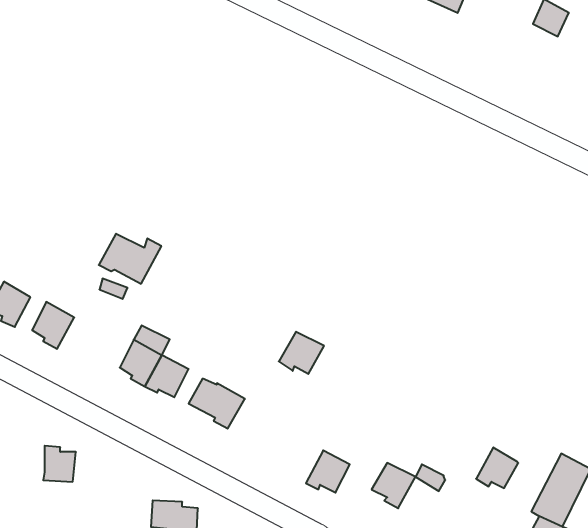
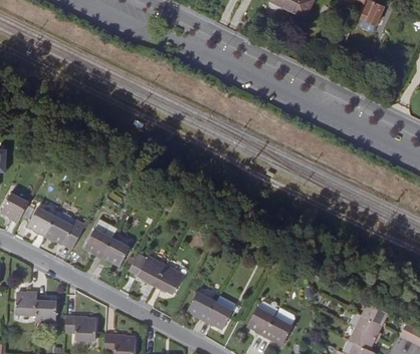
building: [99,234,161,284] -> [46,214,86,246]
building: [279,332,324,374] -> [156,266,185,293]
building: none -> [17,290,39,313]
building: none -> [190,290,217,320]
building: [476,447,518,488] -> [265,316,292,342]
building: none -> [66,313,96,337]

